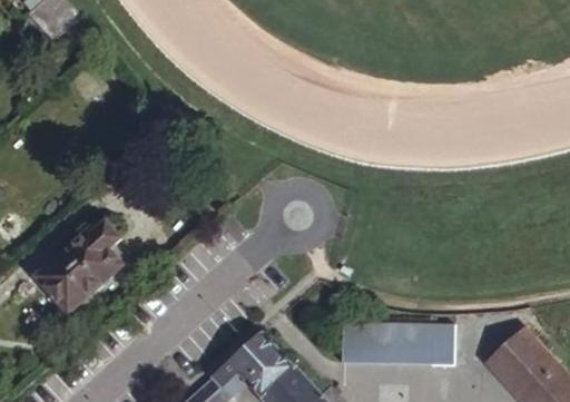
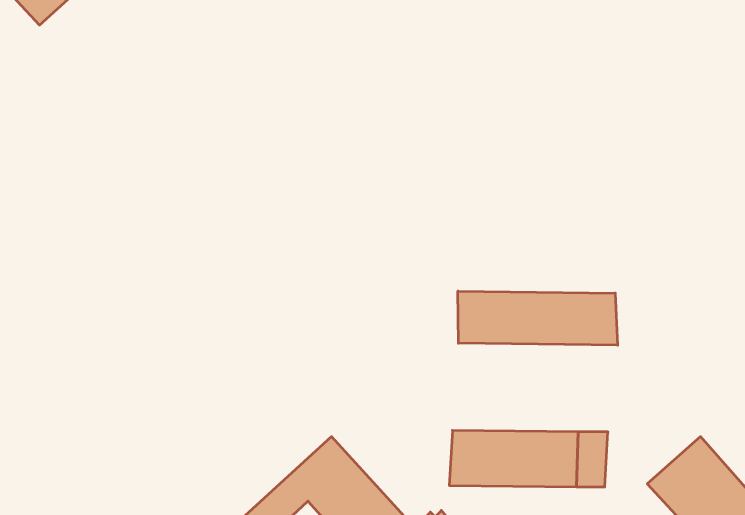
building: [33,217,126,314] -> none
building: none -> [458,291,618,345]

